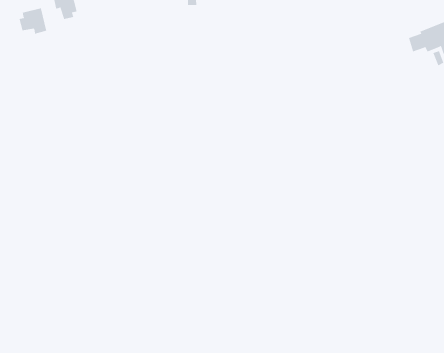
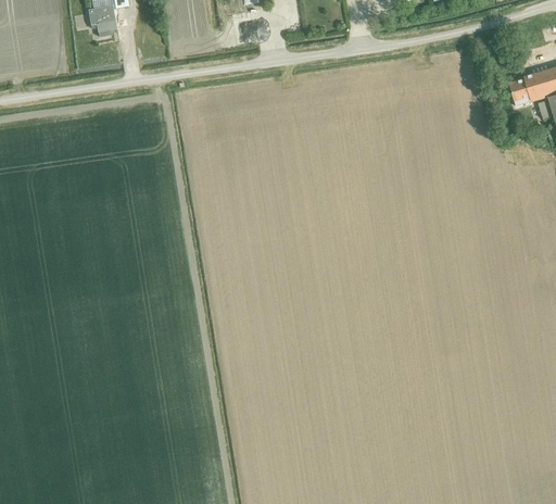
building: [19,7,47,35] -> none

